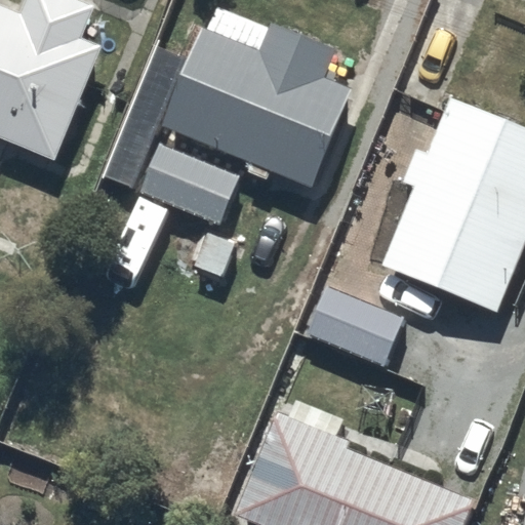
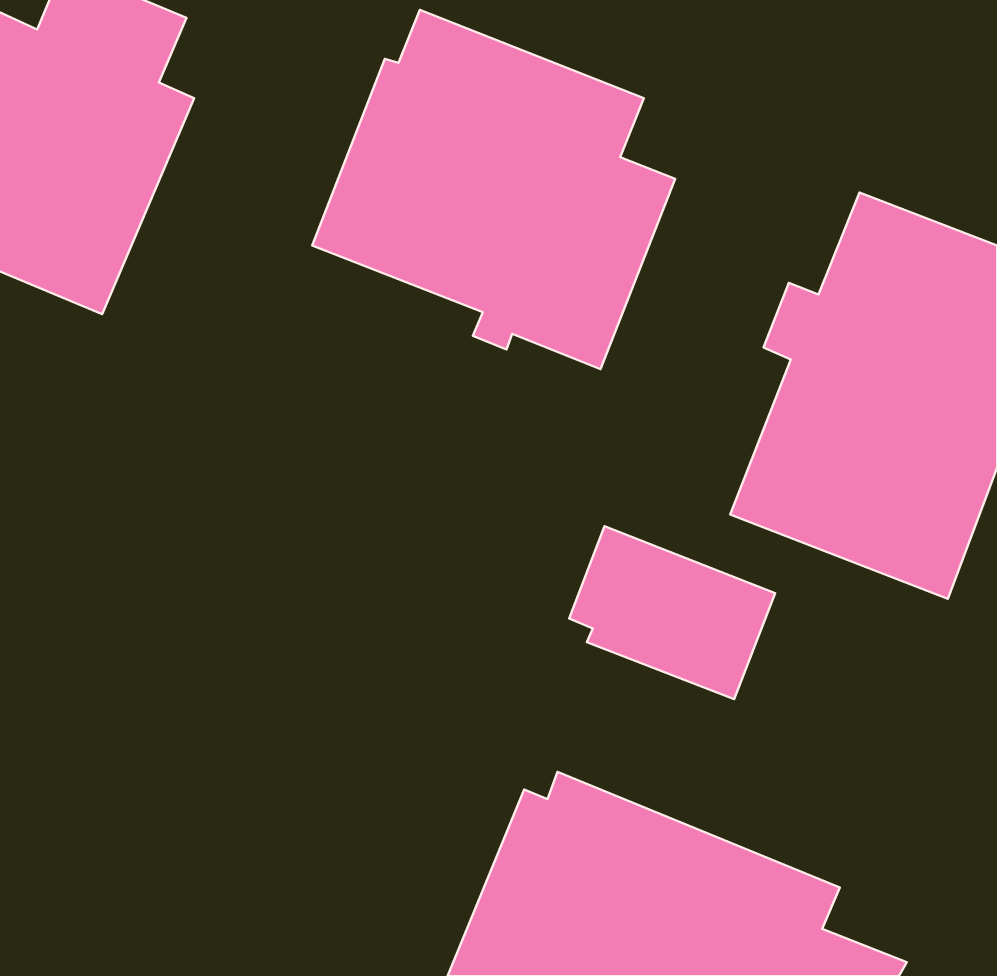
building: [134,137,240,274] -> none

